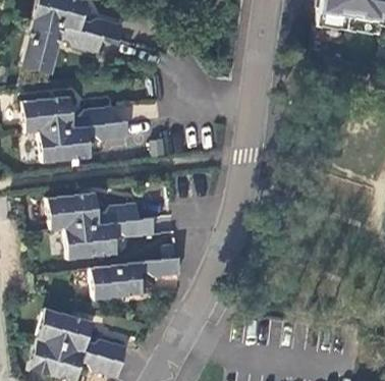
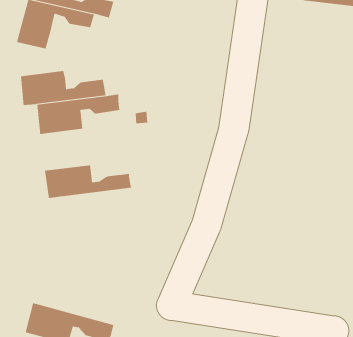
building: [65,216,154,258] -> none
building: [93,257,181,298] -> none
building: [36,309,125,362] -> none

